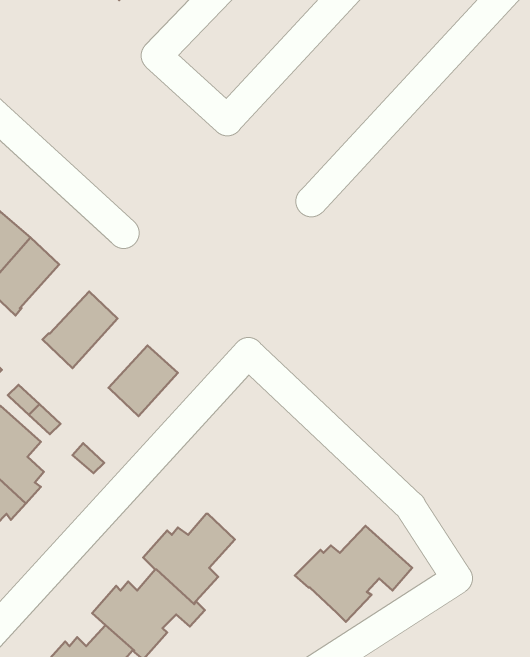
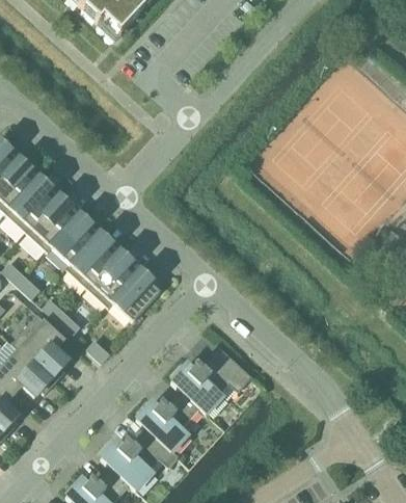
building: none -> [52,215,100,263]
building: none -> [88,253,140,306]
building: [295,526,412,622] -> [171,345,252,412]

